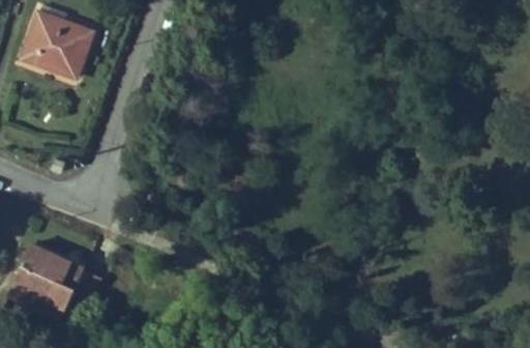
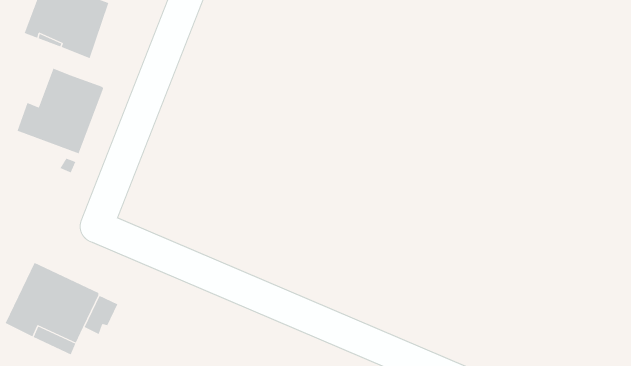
building: none -> [17,68,104,154]

